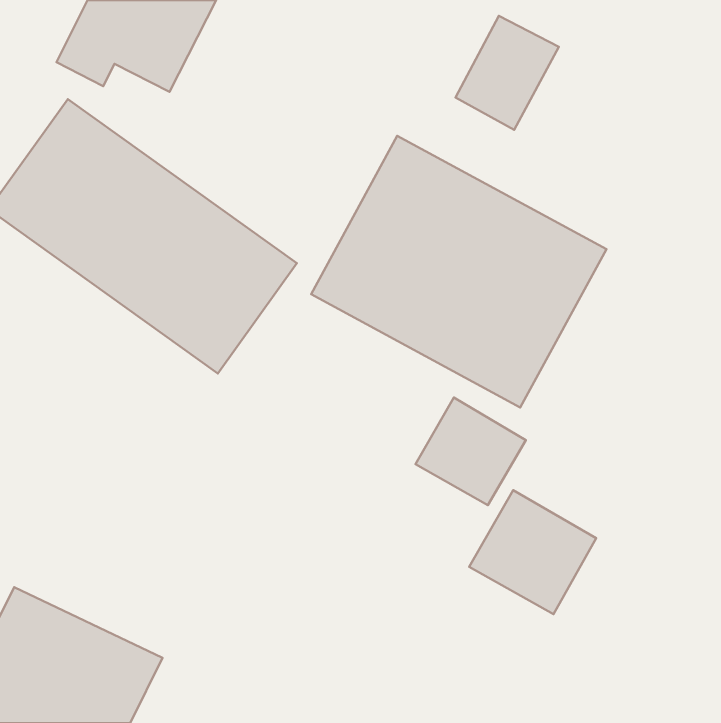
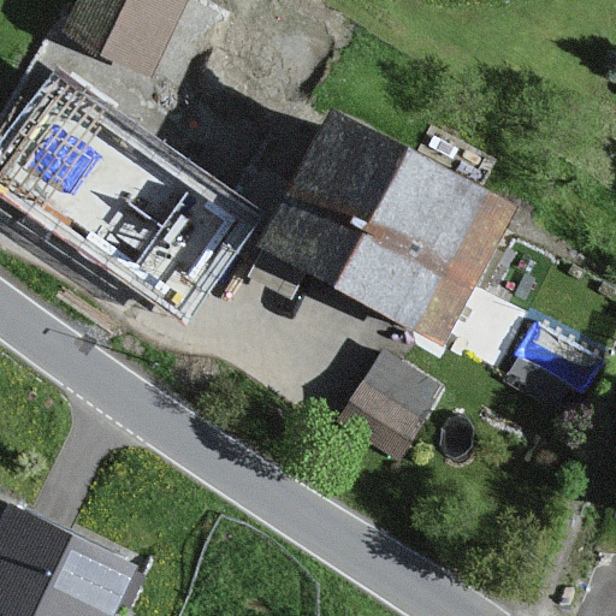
building: [455,16,559,130] -> none
building: [469,490,596,614] -> none

